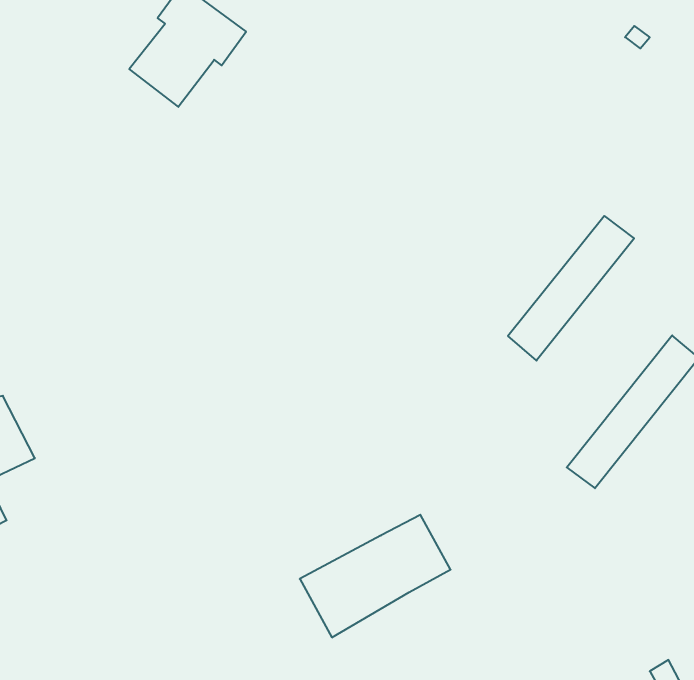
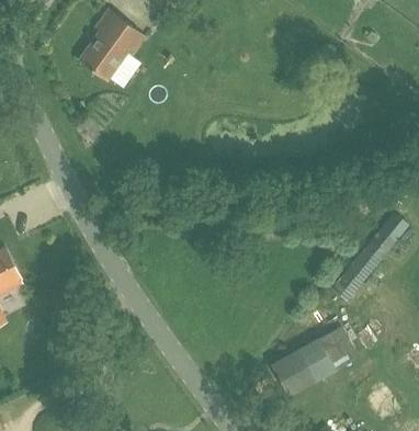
building: [508,216,634,361] -> none
building: [300,515,451,637] -> [270,327,358,398]

